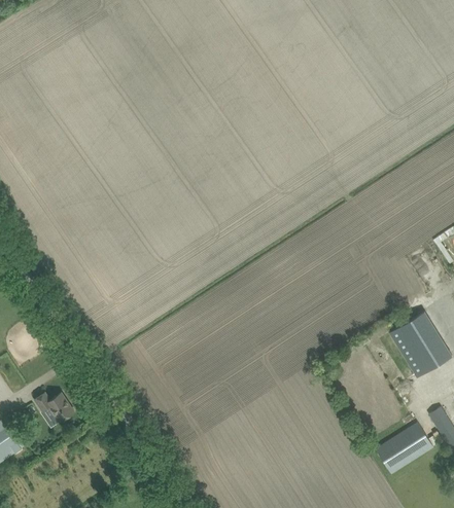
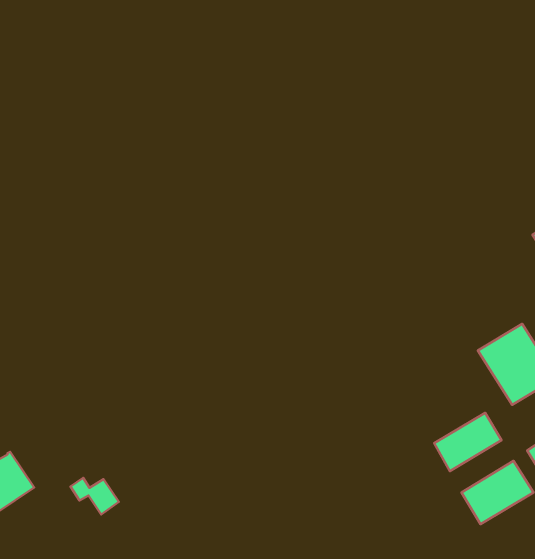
building: none -> [434,413,501,471]
building: [35,393,74,423] -> [71,478,119,515]

